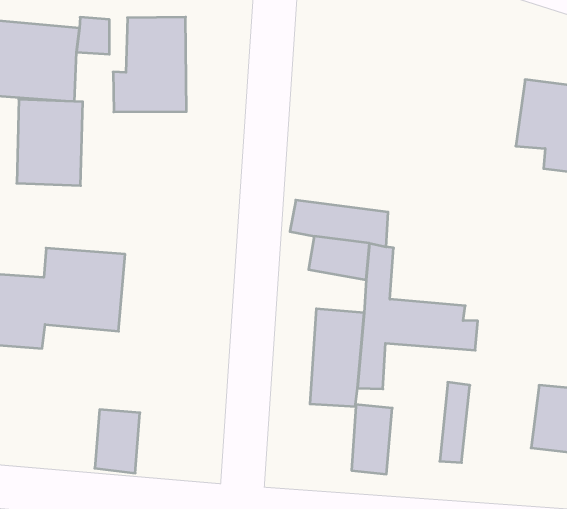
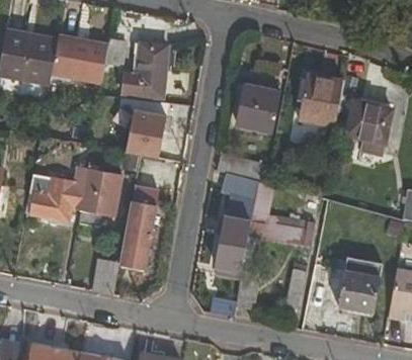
building: none -> [298,72,343,125]
building: none -> [236,84,279,132]
building: [17,99,83,186] -> [123,109,165,161]
building: none -> [121,186,160,270]

